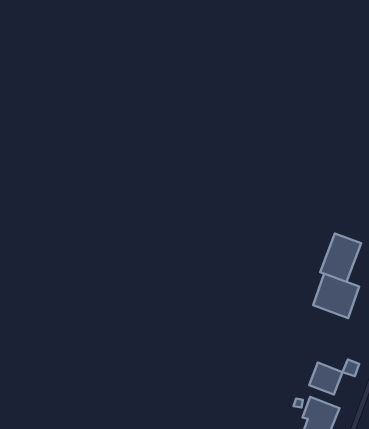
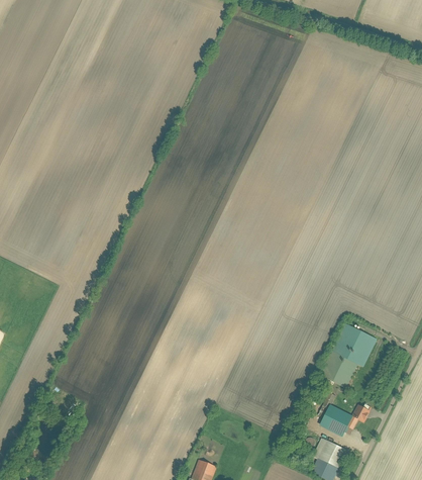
building: [320,233,361,282] -> none
building: none -> [320,352,357,388]

